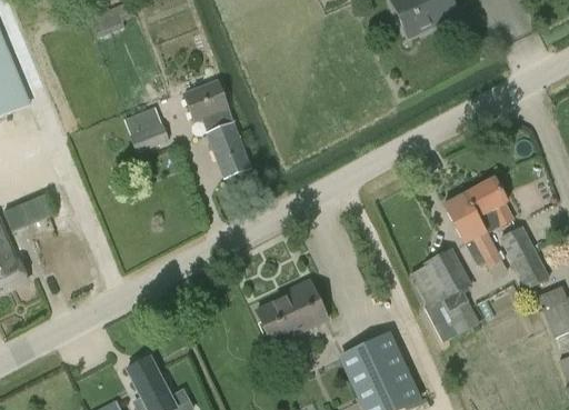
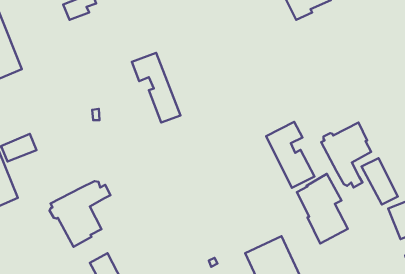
building: [123,104,169,152] -> none
building: none -> [266,122,314,188]
building: none -> [50,181,111,247]
building: [257,281,328,346] -> none

